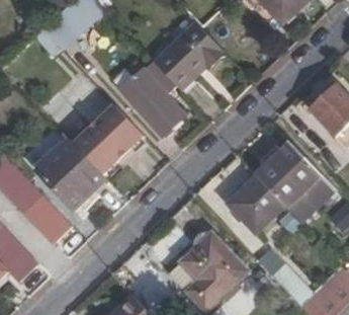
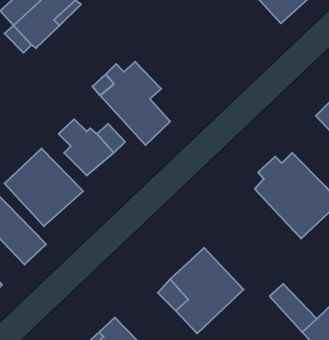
building: [152,22,227,96] -> none
building: [229,176,285,233] -> none

